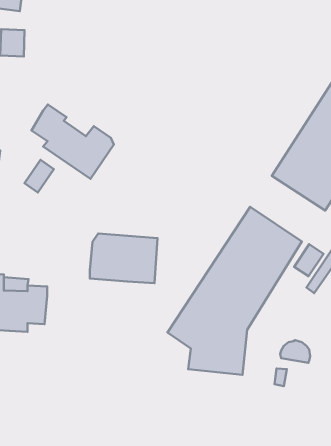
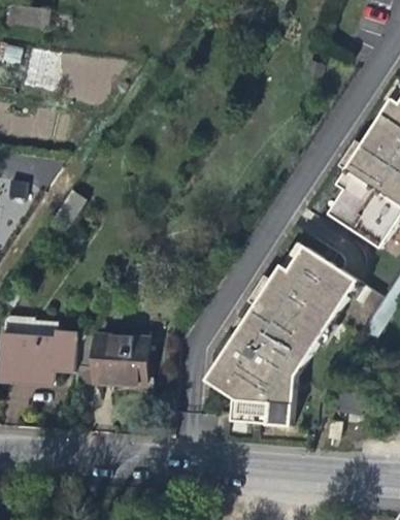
building: [31,104,114,179] -> none
building: [90,234,157,283] -> [73,331,147,386]

